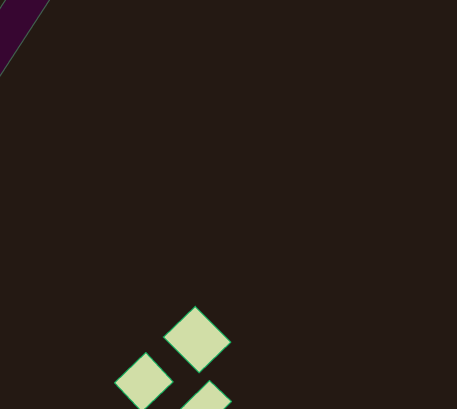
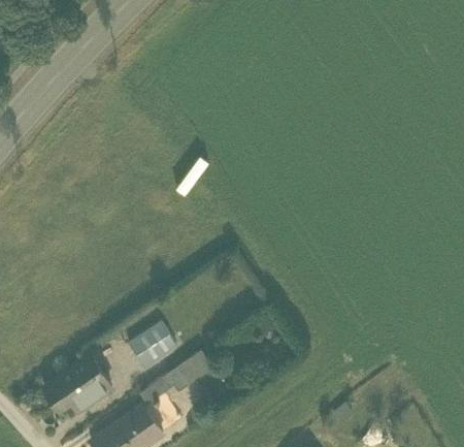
building: [163,306,231,373] -> none

